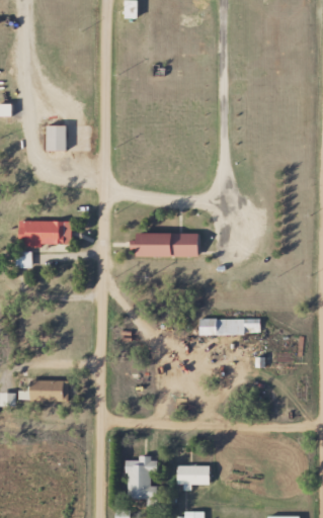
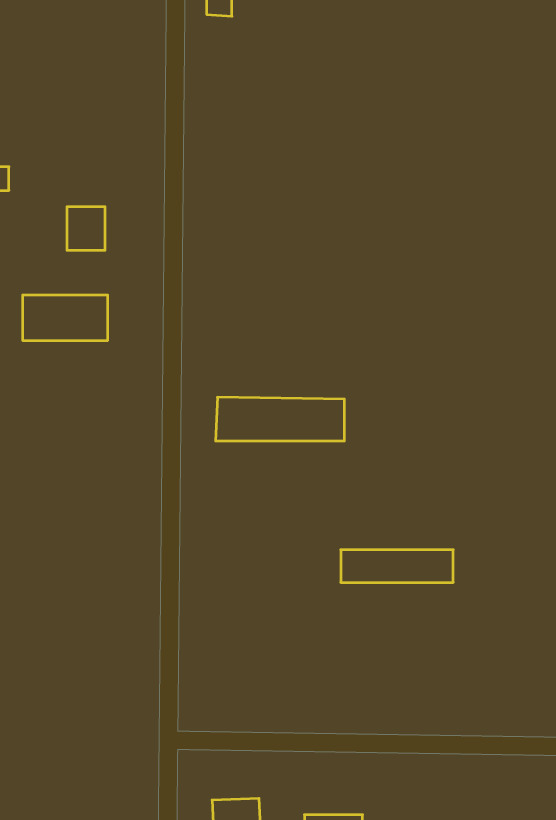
building: [16,221,64,246] -> [23,295,108,340]
building: [28,381,64,403] -> none

